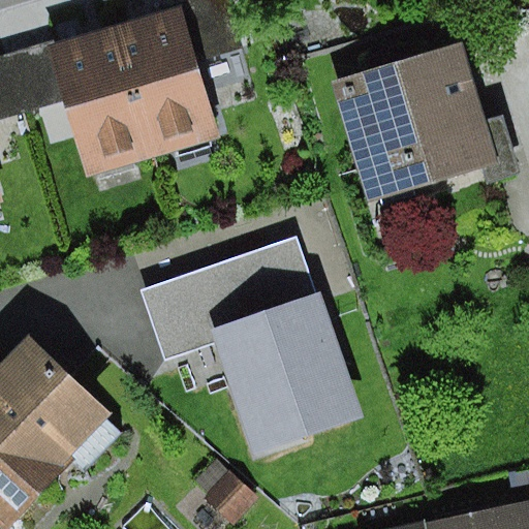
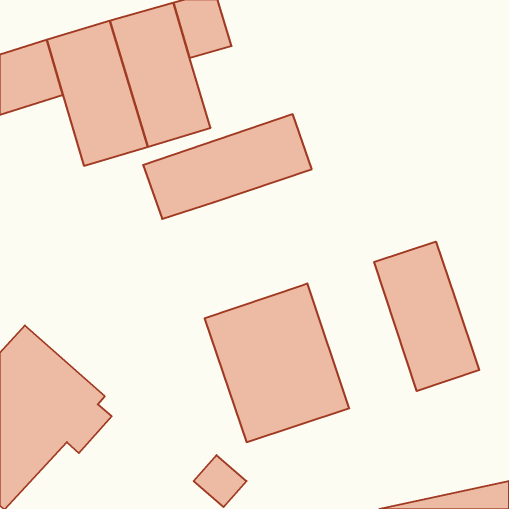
building: [331,42,517,203] -> none
building: [138,239,313,347] -> [143,114,312,219]
building: none -> [374,242,479,391]

